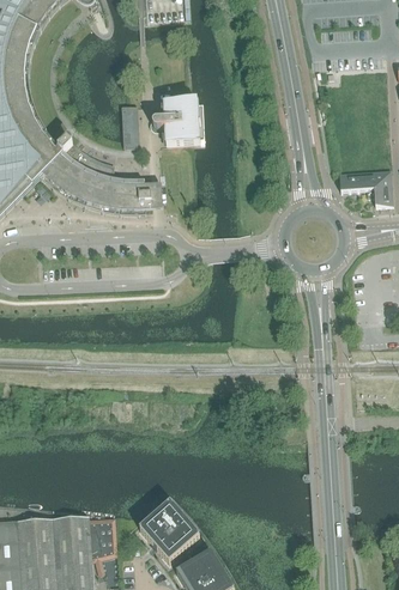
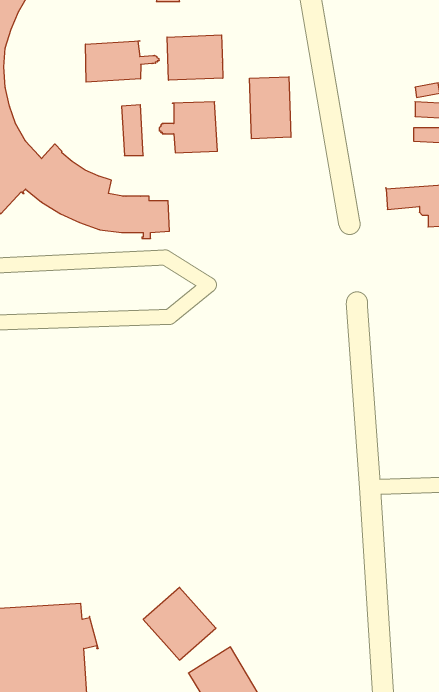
building: none -> [167,35,223,80]
building: none -> [86,41,159,82]
building: none -> [250,77,291,139]

